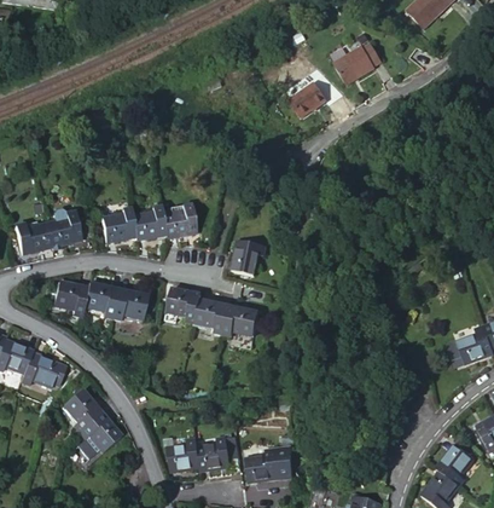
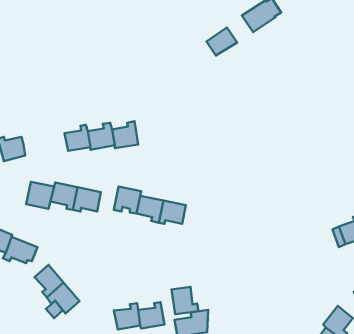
building: [46,212,81,247] -> none
building: [231,239,265,275] -> none
building: none -> [171,287,198,314]

